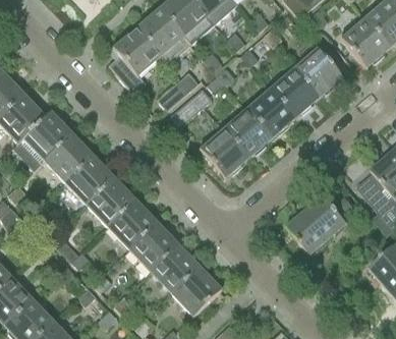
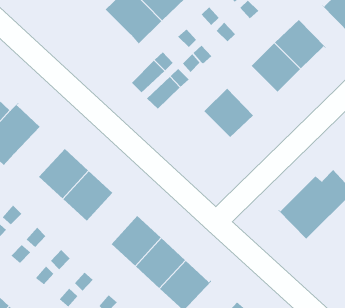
building: [109,29,160,94] -> none
building: [247,90,294,136] -> none
building: [199,129,247,178] -> none
building: [44,134,92,181] -> none
building: [108,201,156,248] -> none

